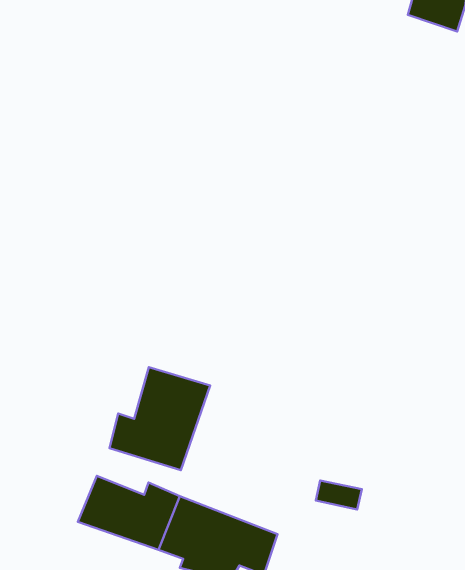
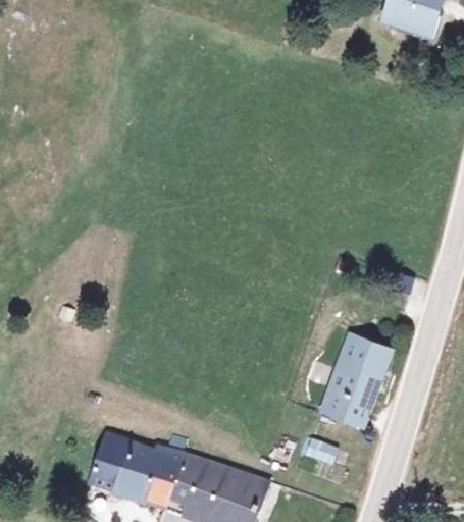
building: [109,367,210,470] -> none
building: none -> [324,337,383,423]

